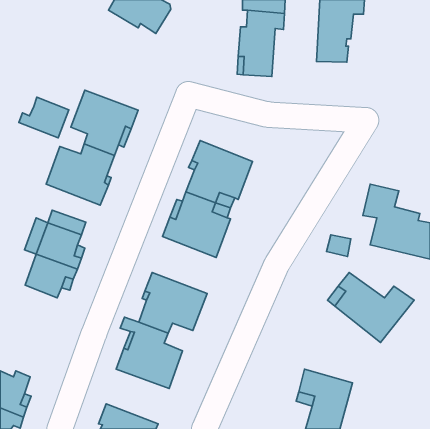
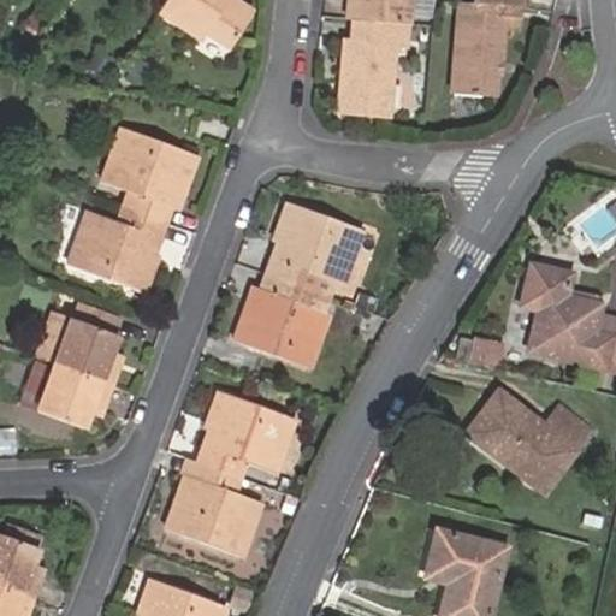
building: [19,97,69,138] -> none

